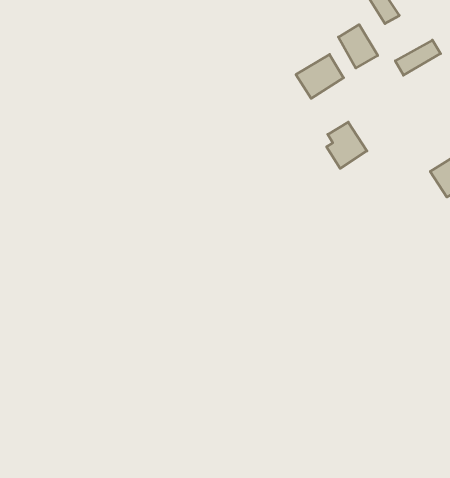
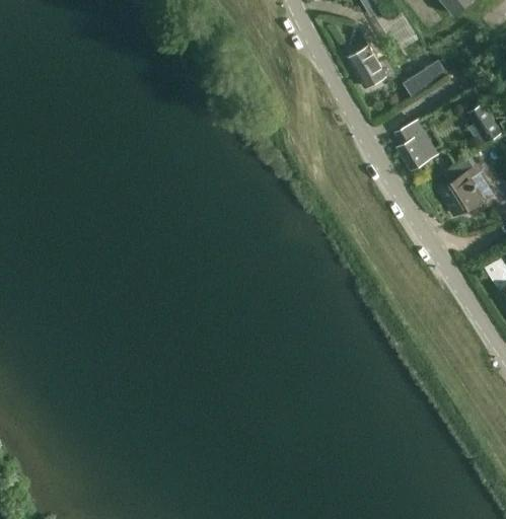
building: [296,54,344,98] -> none
building: [327,122,367,168] -> [399,122,438,167]

